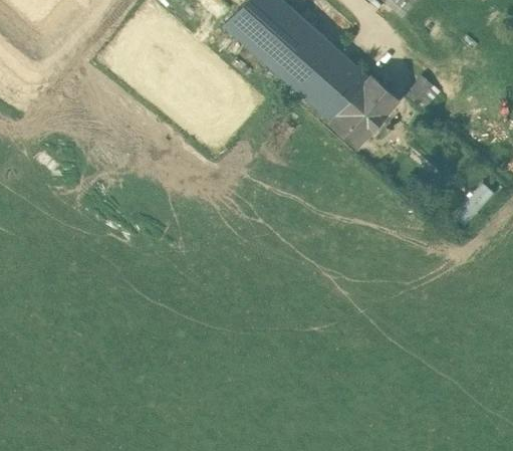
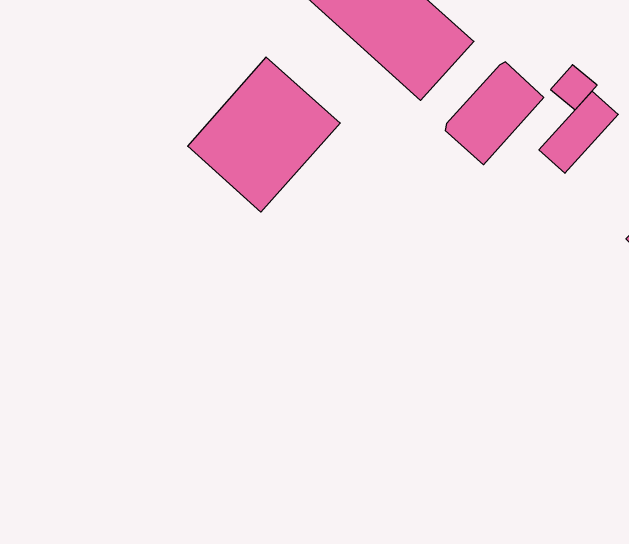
building: [309,59,367,120] -> [539,91,618,173]
building: none -> [188,57,340,212]

